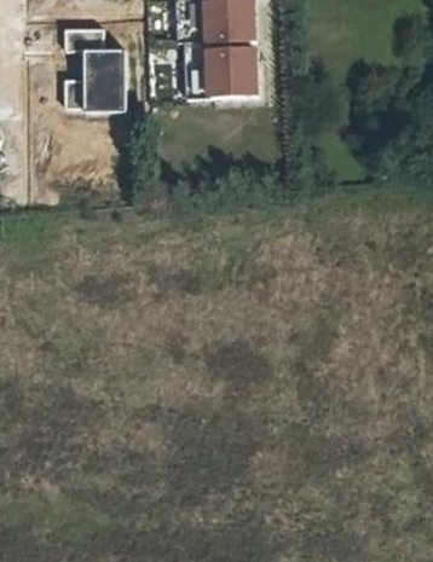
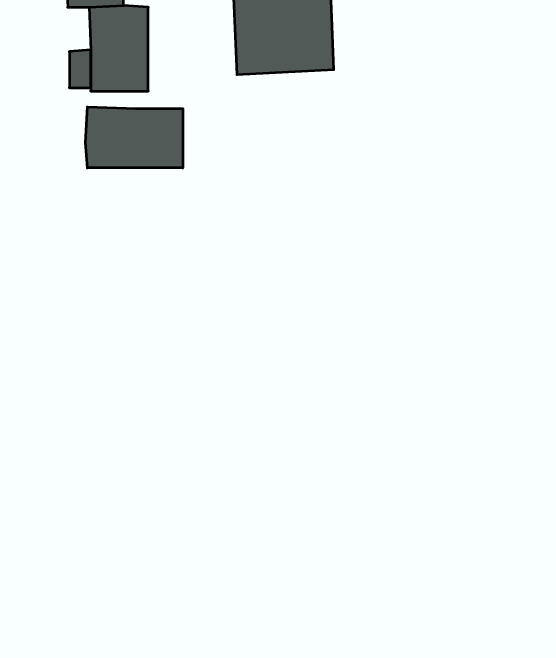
building: none -> [85,107,183,168]

